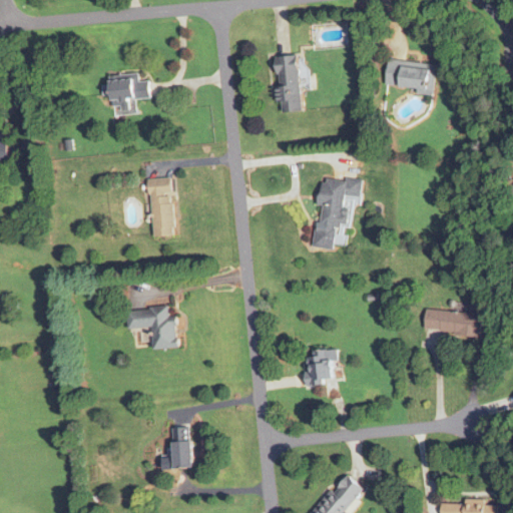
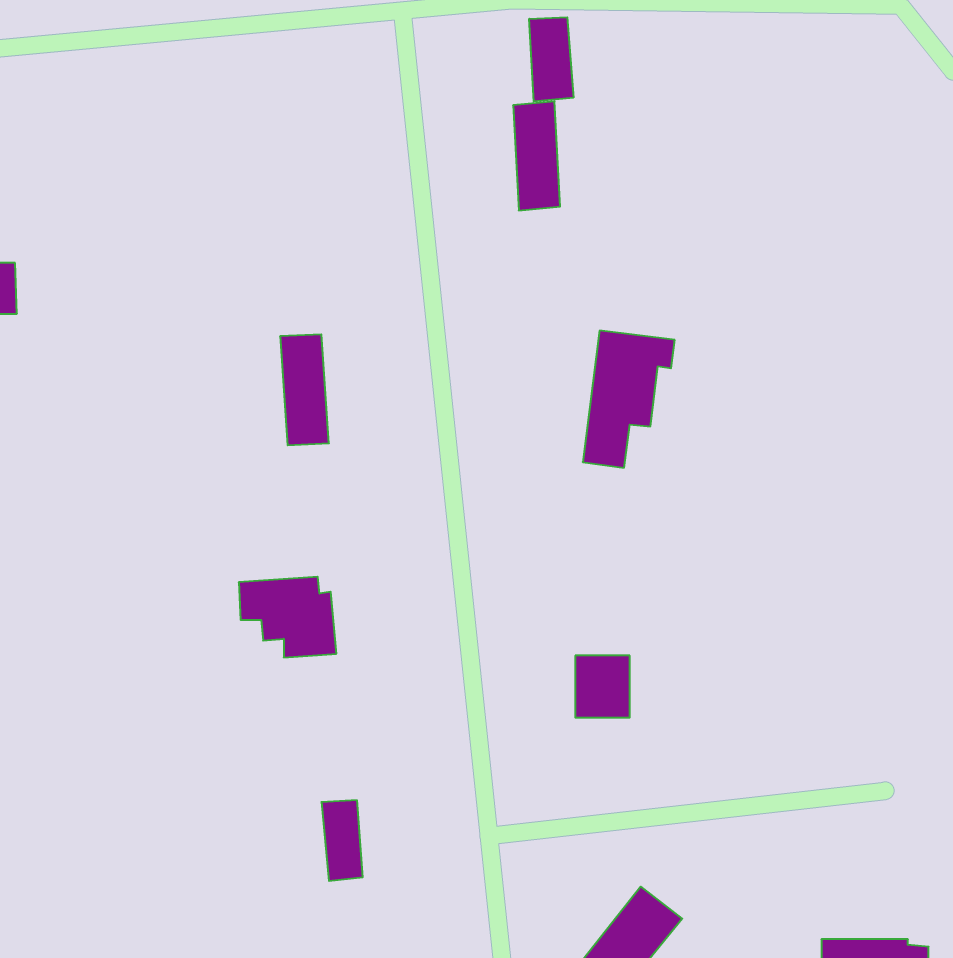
building: none -> [529,17,573,101]
building: [382,59,435,96] -> none
building: [106,73,149,105] -> none
building: [421,309,483,338] -> none

